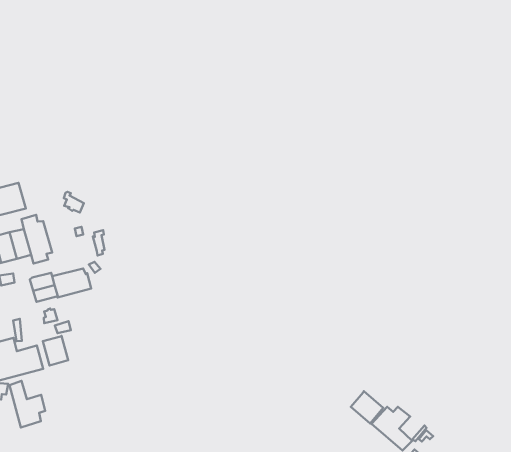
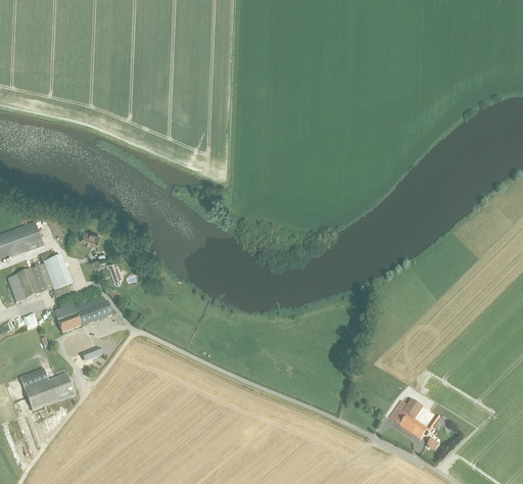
building: [43,336,68,365] -> none
building: [9,381,45,427] -> none
building: [351,391,383,423] -> none

